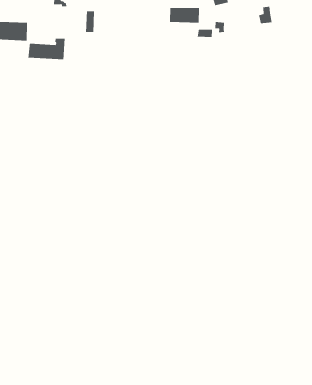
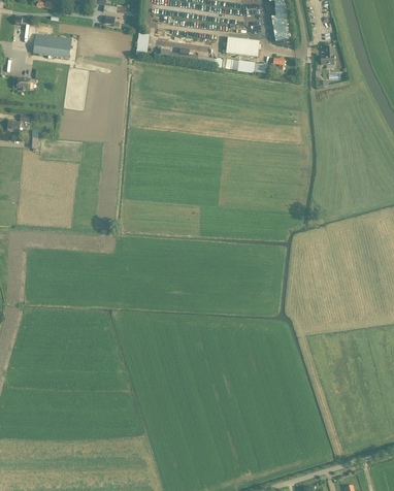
building: [28,38,65,60] -> none

